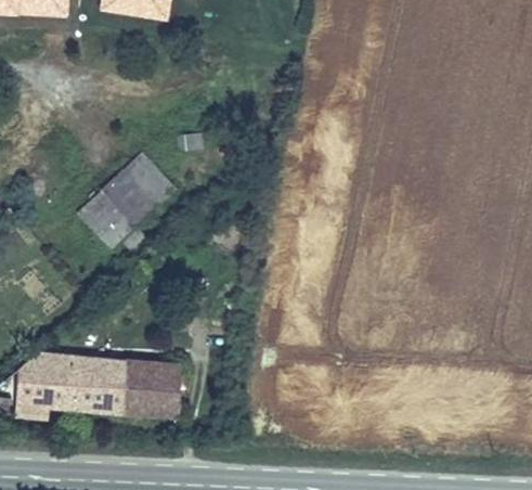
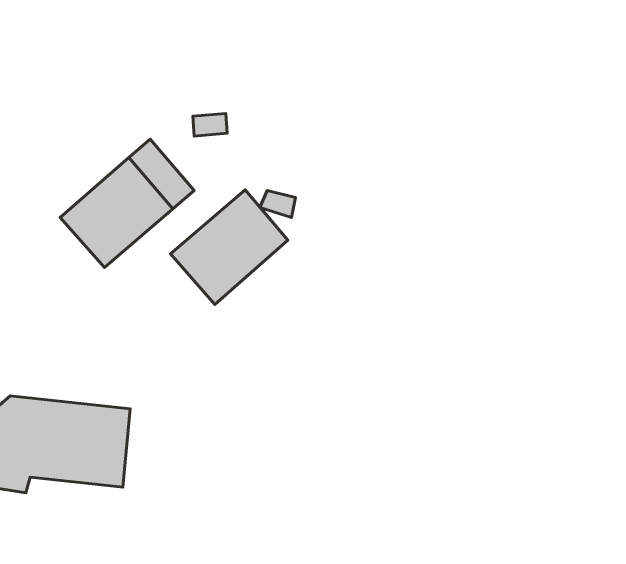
building: none -> [171,190,288,304]
building: [121,358,184,422] -> none

